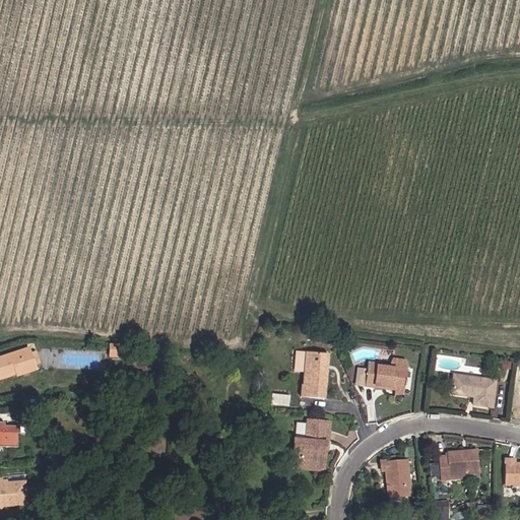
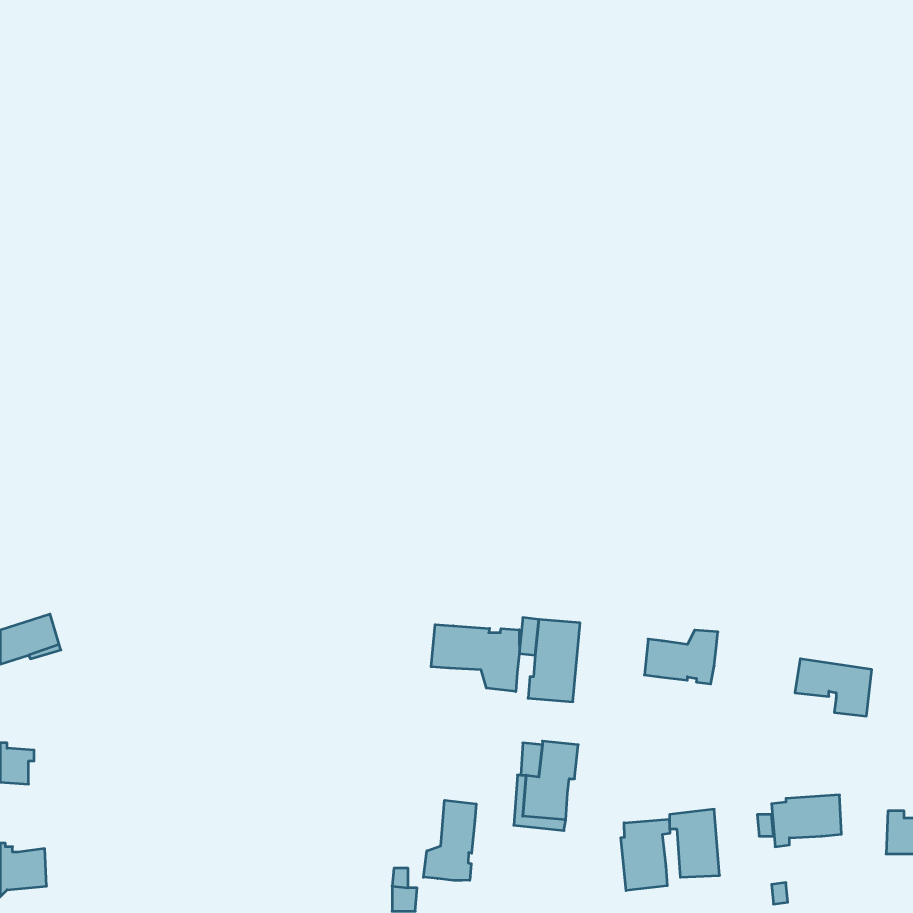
building: none -> [431,625,519,692]
building: none -> [423,800,476,880]
building: none -> [621,819,670,891]

